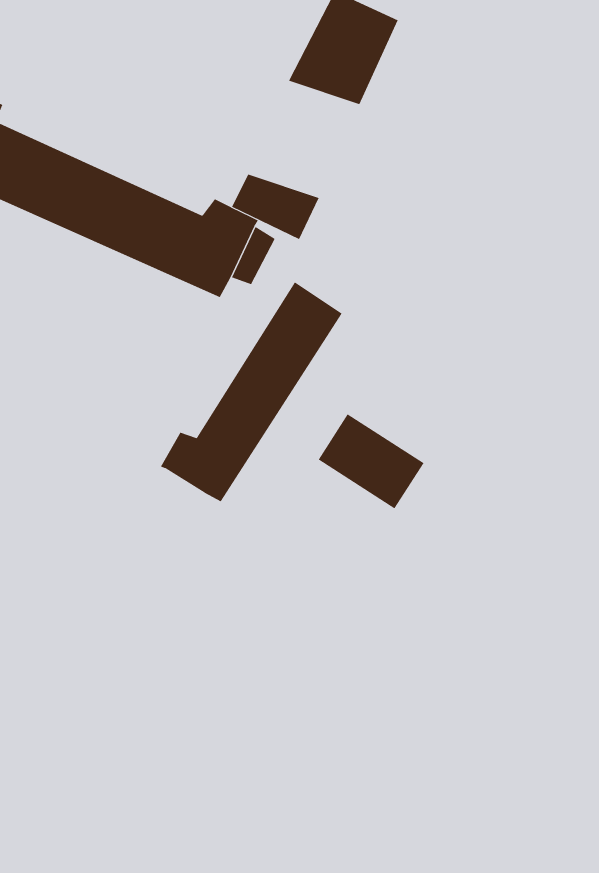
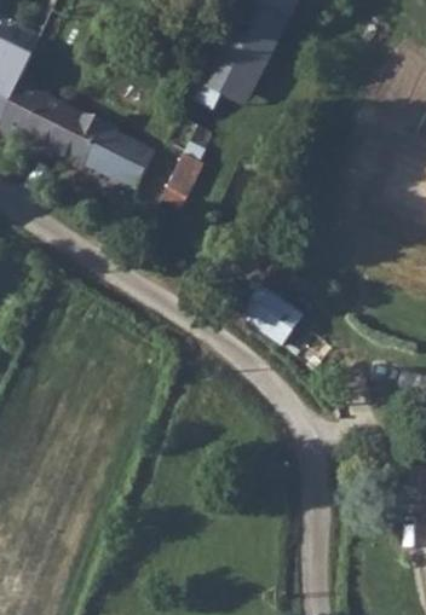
building: [231,174,320,240] -> [205,58,263,101]
building: [160,282,342,502] -> none

